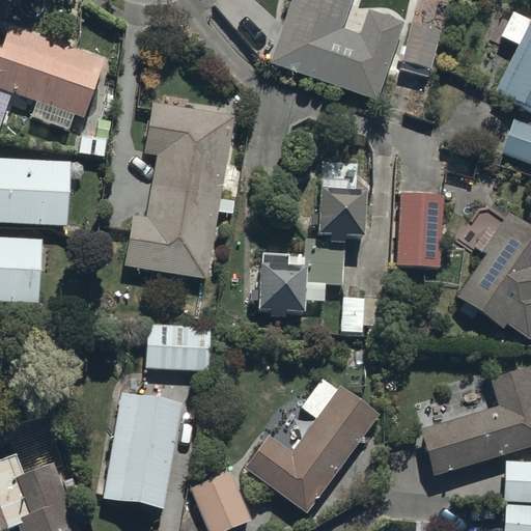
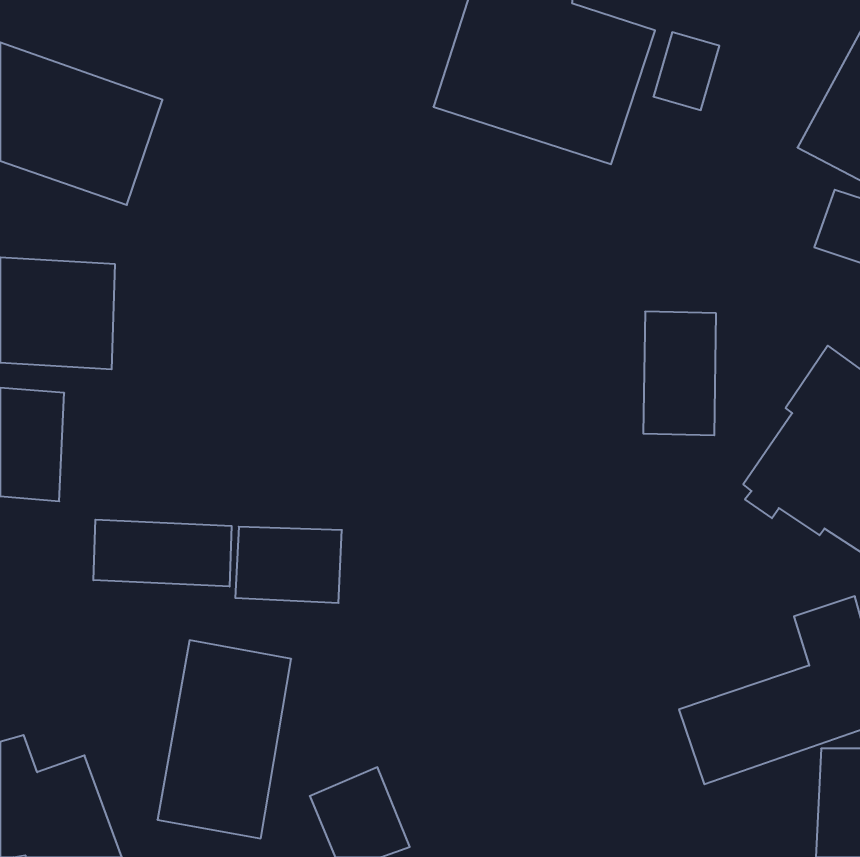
building: [123,99,236,281] -> none
building: [256,186,365,320] -> none
building: none -> [93,520,232,587]
building: [246,385,381,514] -> none

